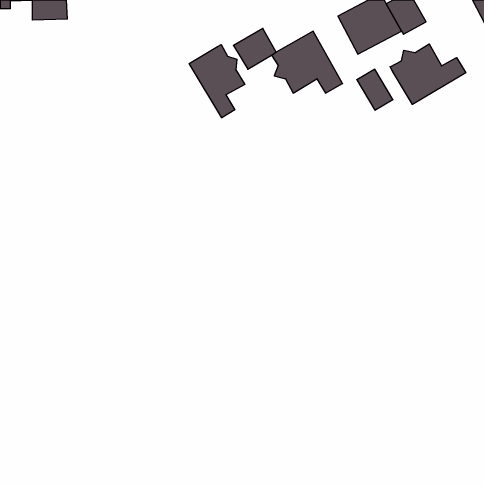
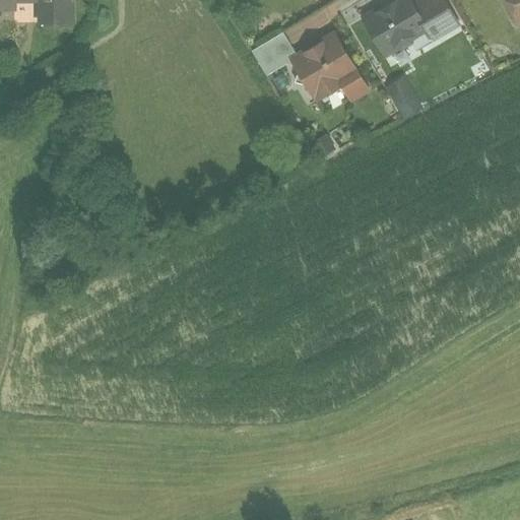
building: [390,44,466,104] -> none
building: [189,45,245,118] -> none

